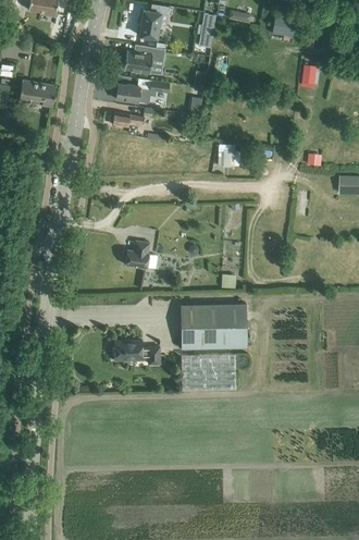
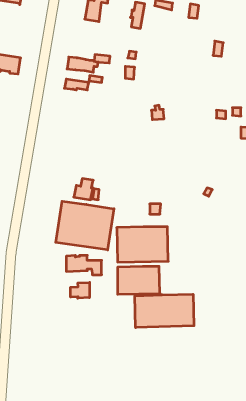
building: [123,44,165,73] -> none
building: none -> [56,201,114,250]
building: none -> [71,282,90,298]
building: none -> [135,294,194,328]

